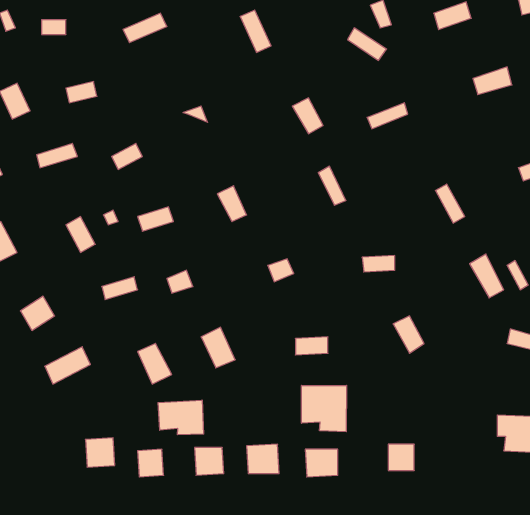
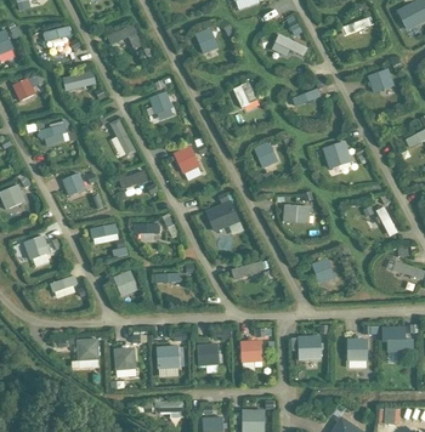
building: [302,385,347,432] -> none
building: [158,400,204,435] -> none
building: none -> [348,337,372,366]

